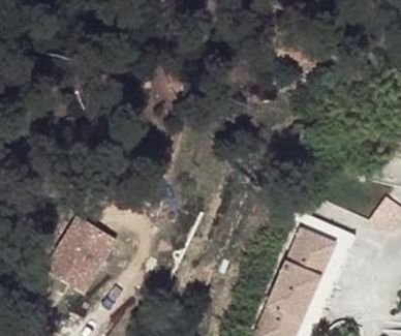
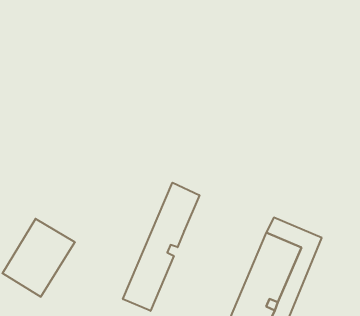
building: none -> [123,183,199,311]

